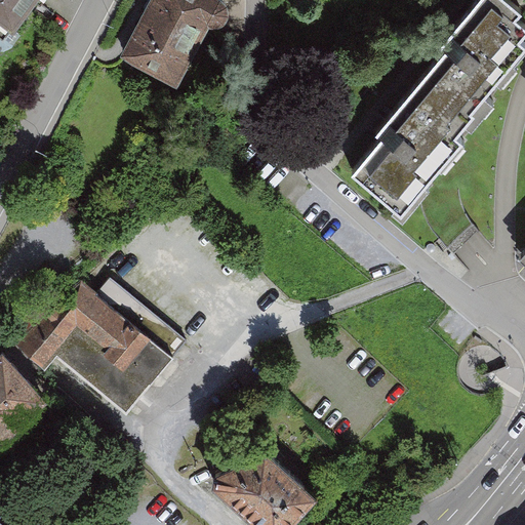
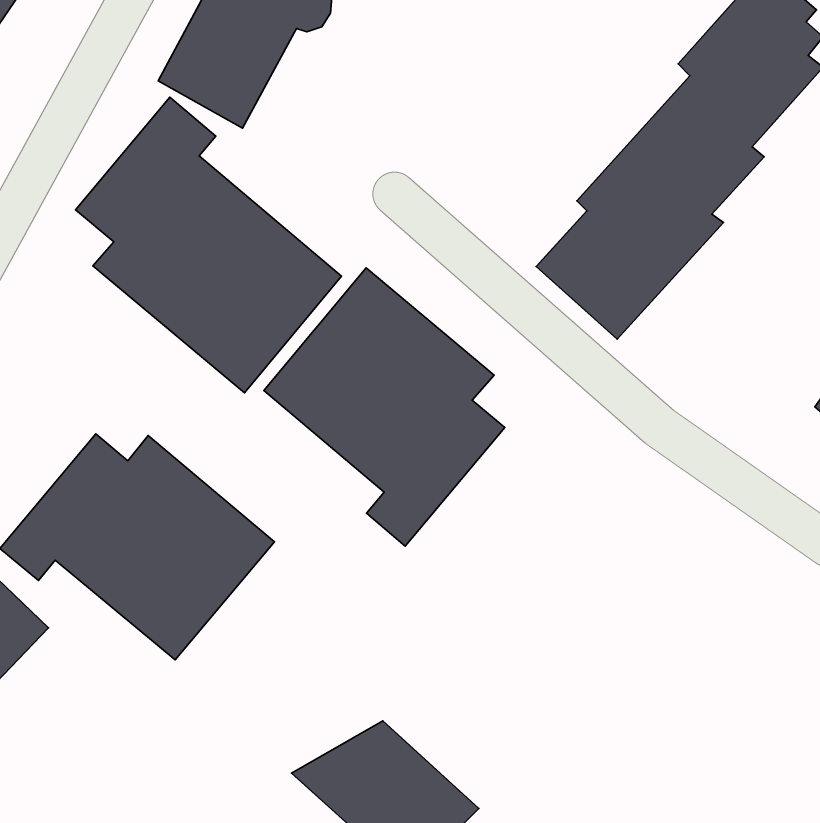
building: none -> [75,97,342,393]
building: none -> [264,268,505,546]

